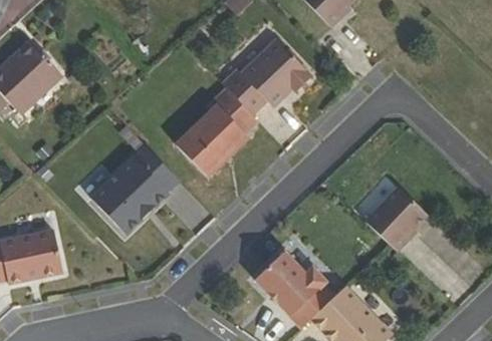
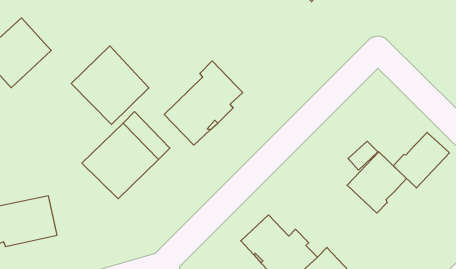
building: [220,39,310,115] -> none
building: none -> [71,46,149,124]
building: none -> [393,132,449,188]

